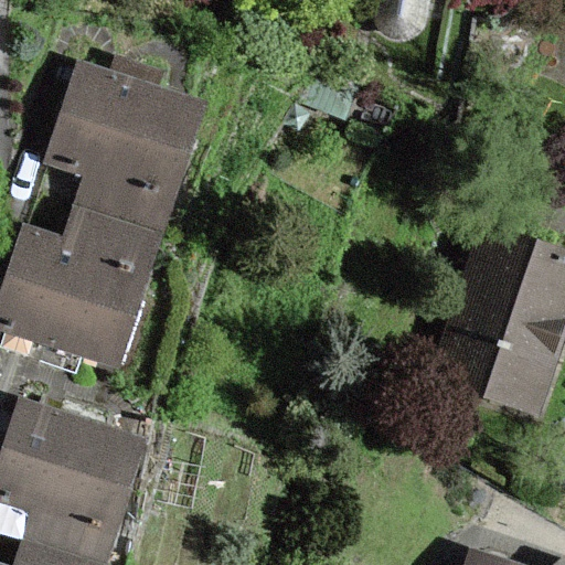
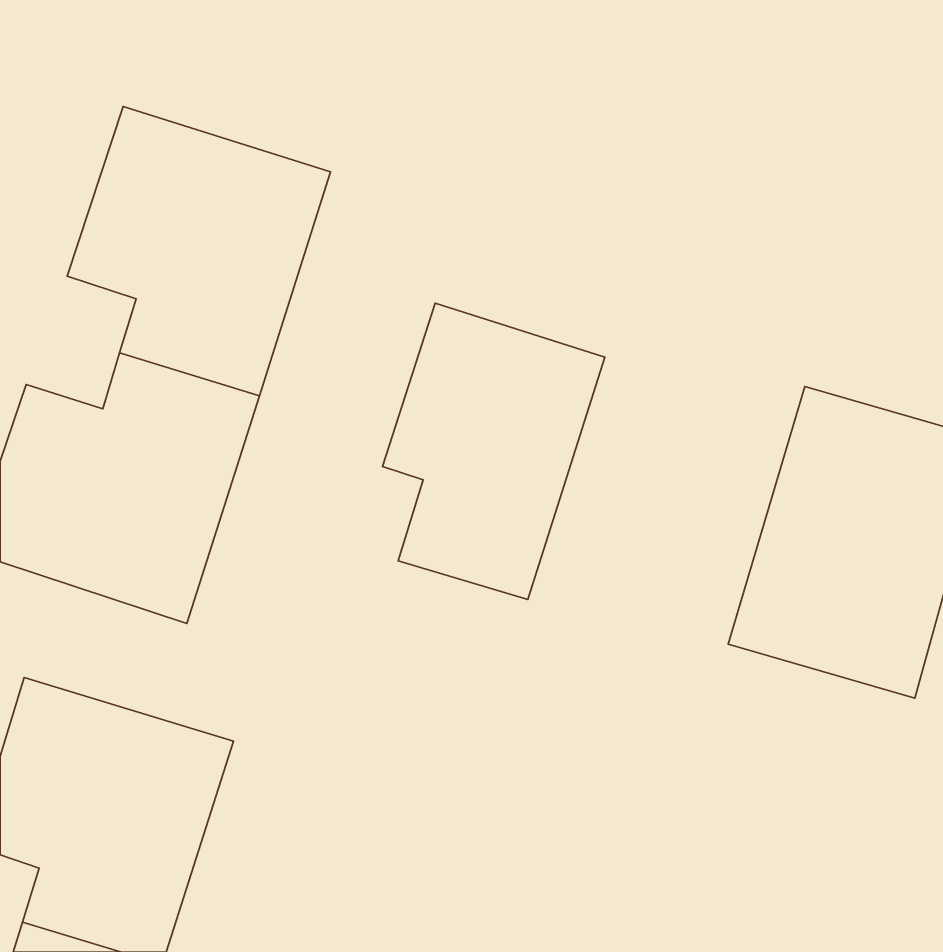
building: none -> [382,303,605,599]

